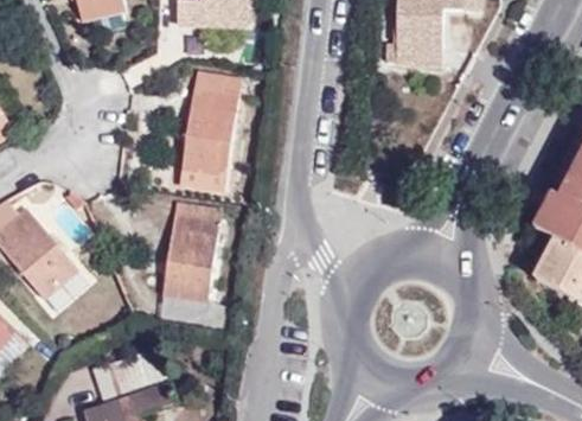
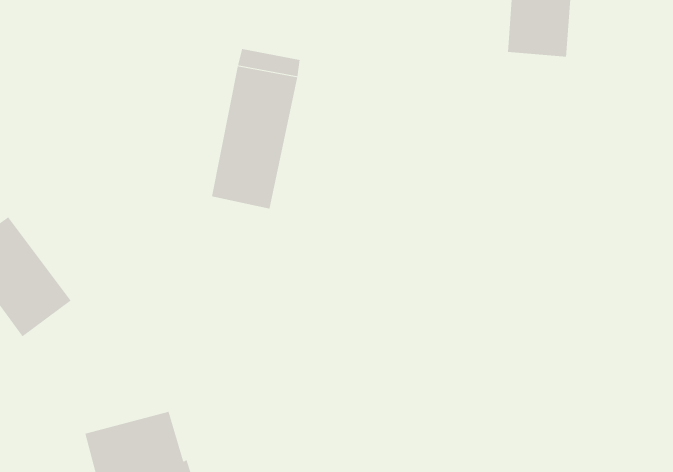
building: [160,204,218,299] -> none

